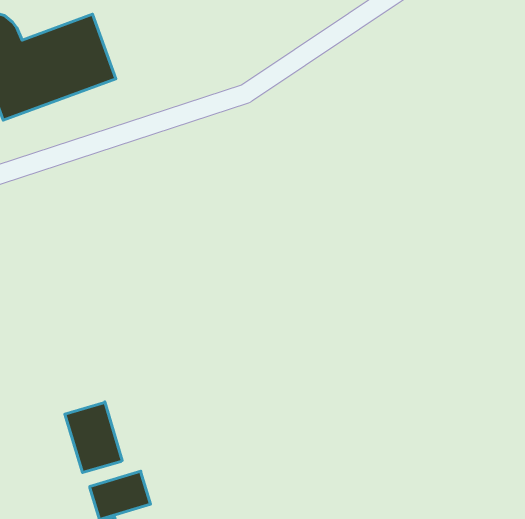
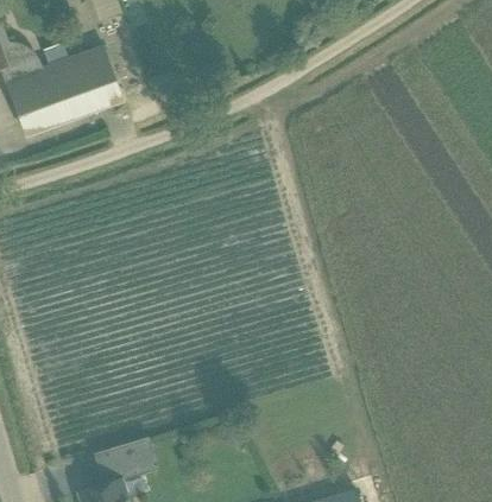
building: [65,402,122,473] -> none

